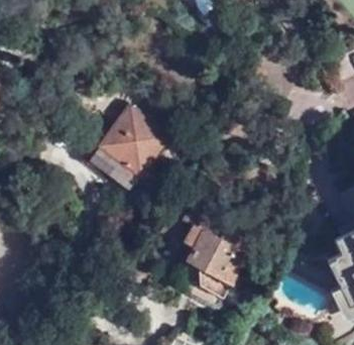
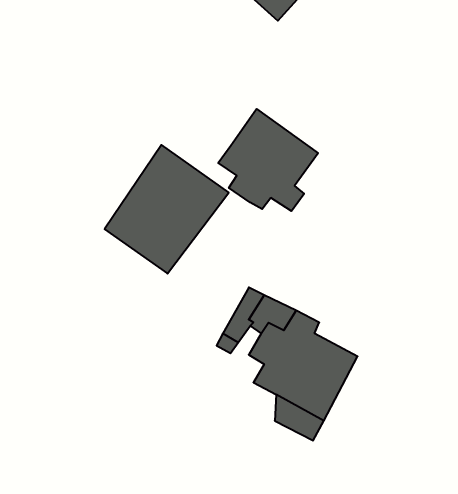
building: none -> [218,109,318,211]

